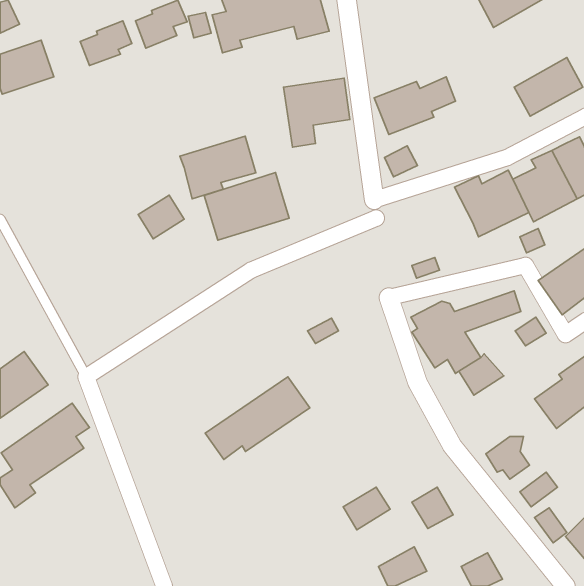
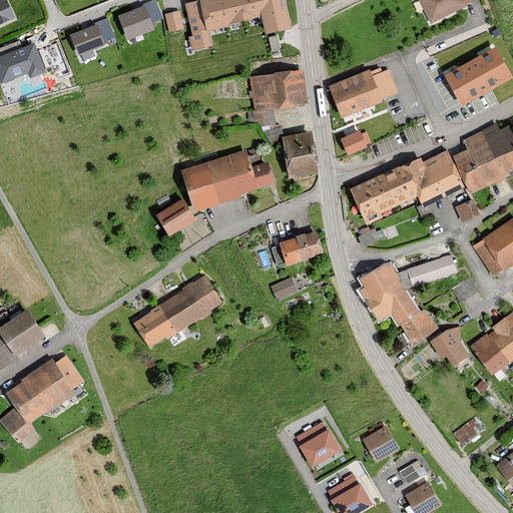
building: [180,136,256,199] -> none
building: none -> [279,135,317,177]
building: none -> [247,161,275,190]
building: none -> [347,163,415,220]
building: [138,195,184,239] -> [153,197,193,235]
building: none -> [276,229,320,265]
building: [205,377,310,460] -> [131,275,222,347]
building: [486,437,529,479] -> [429,327,467,364]
building: [534,508,567,543] -> none
building: none -> [400,460,427,486]

